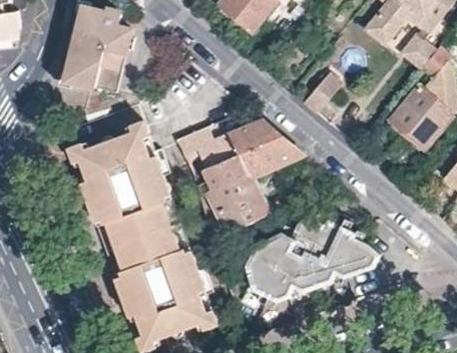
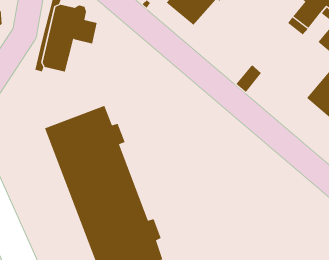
building: [176,121,303,237] -> none
building: [246,219,385,301] -> none

